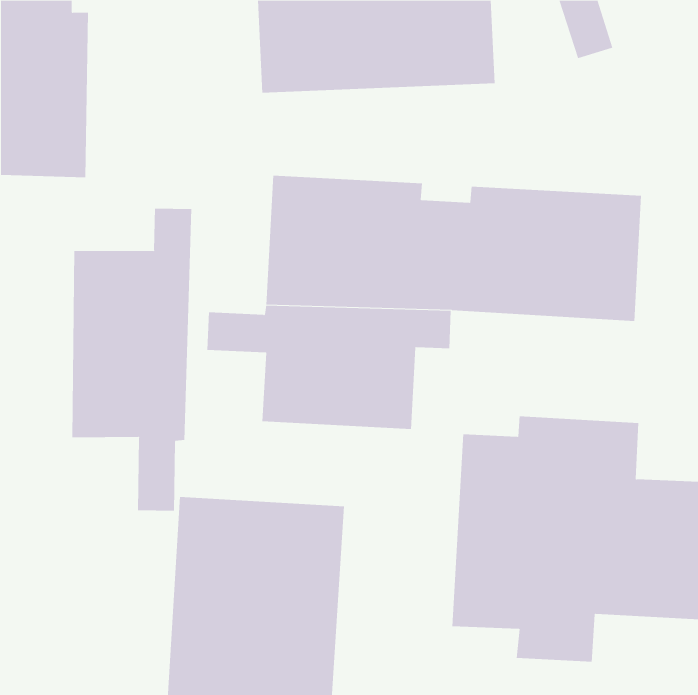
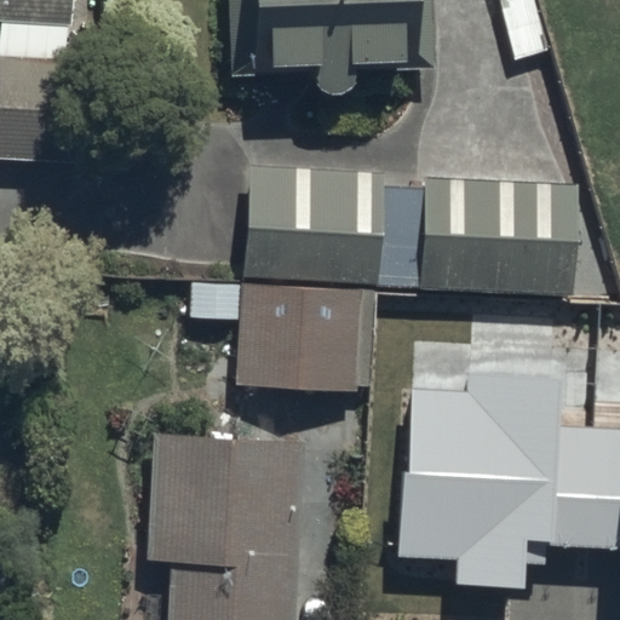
building: [72,208,192,512] -> none

